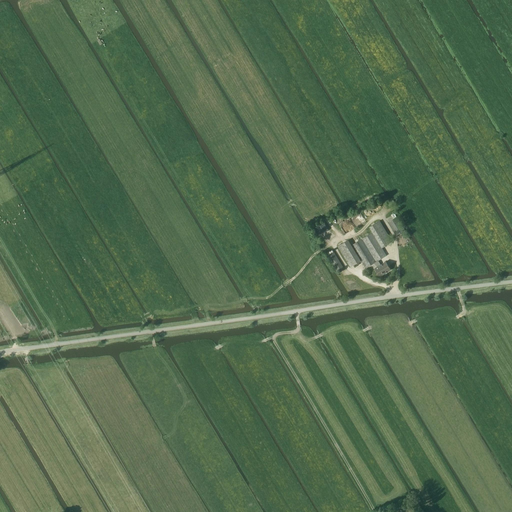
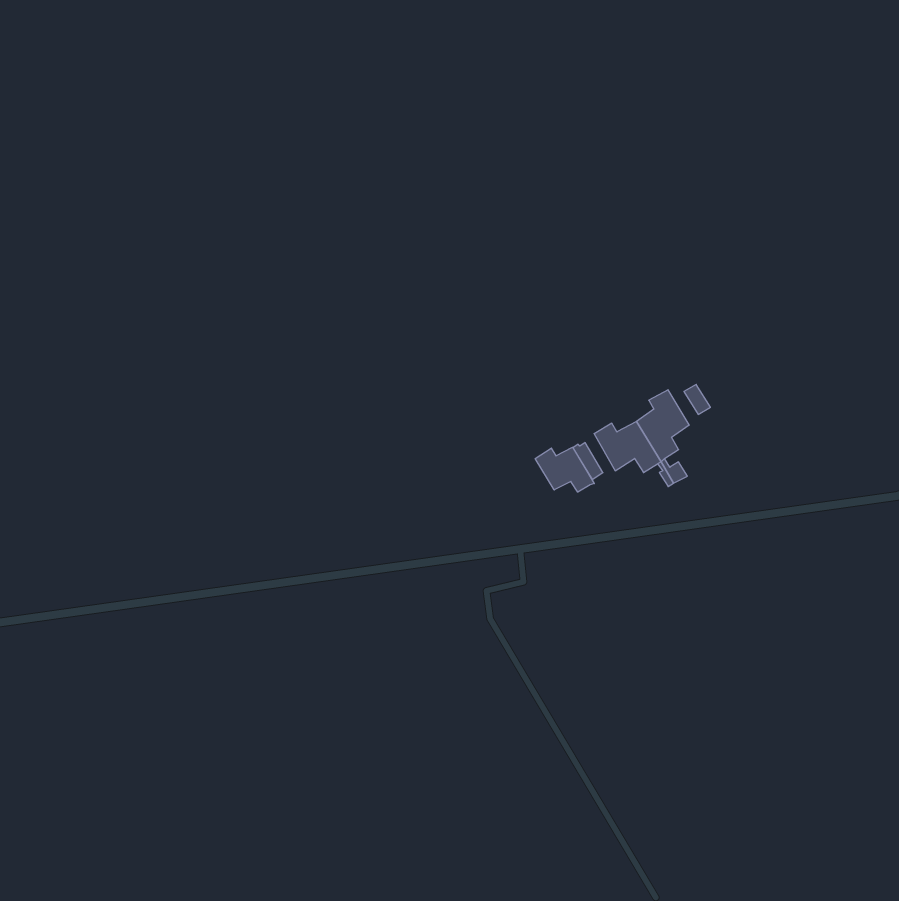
building: none -> [535,447,594,492]

